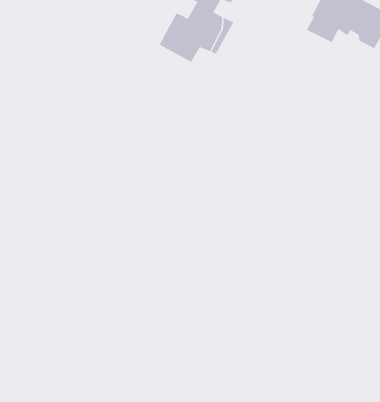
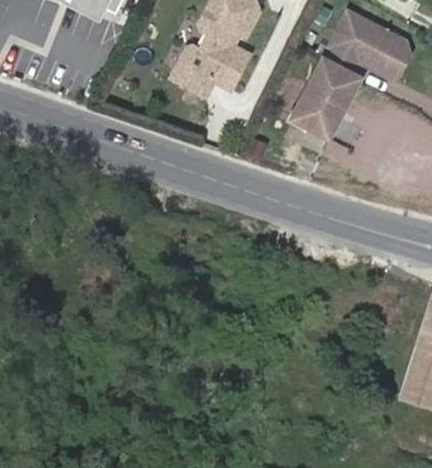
building: none -> [291,61,360,140]

